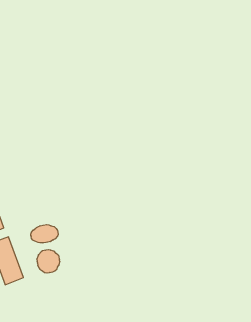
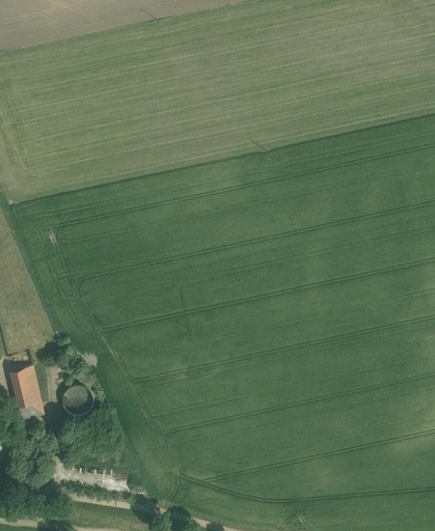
building: [31,225,58,243] -> none

